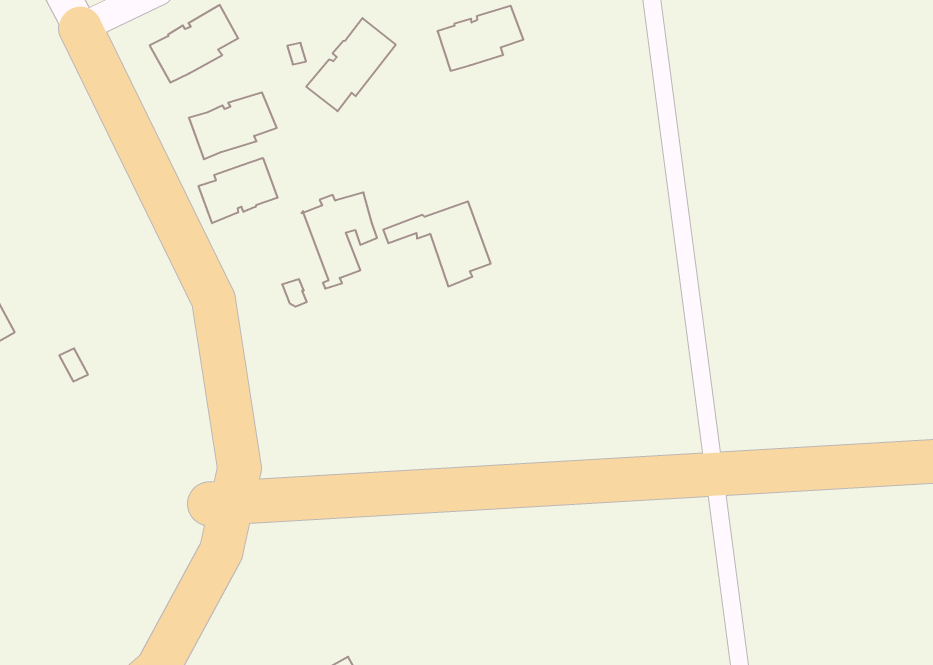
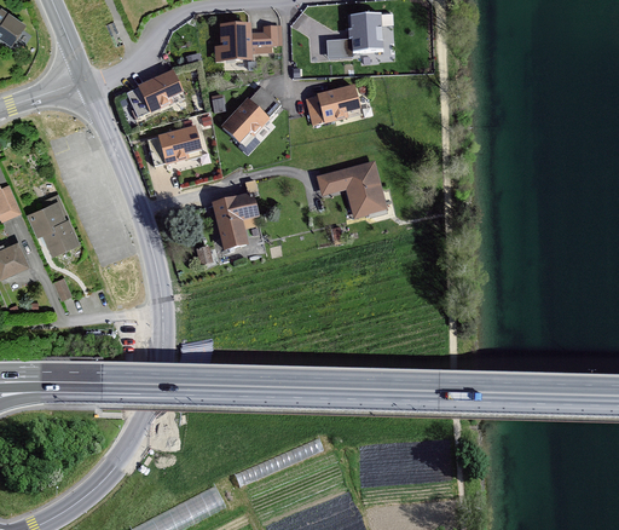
building: [199,158,277,223] -> none
building: [383,201,491,286] -> [317,163,382,215]
building: none -> [29,203,77,253]

